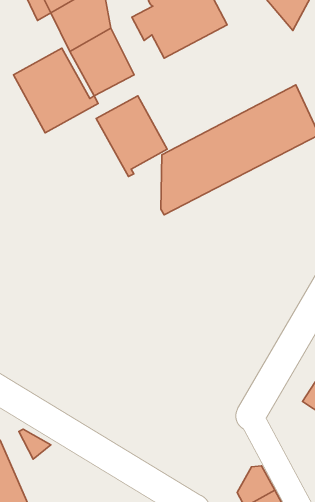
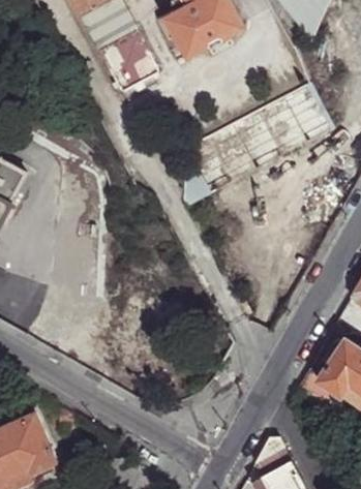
building: [14,48,98,133] -> none
building: [96,96,167,177] -> none

